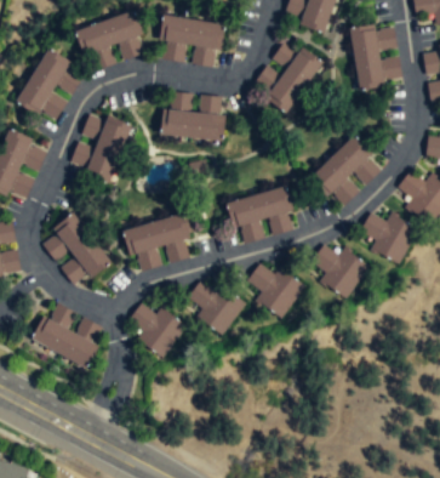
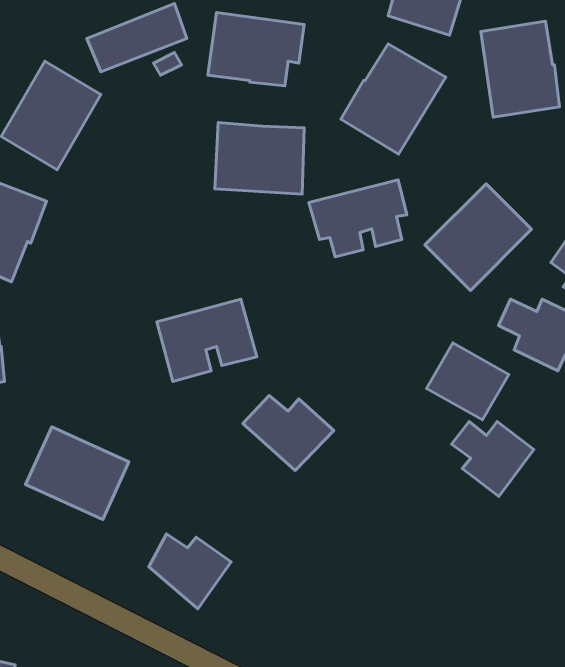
building: [69,112,130,180] -> none
building: [225,187,293,240] -> [309,180,407,257]
building: [45,212,112,281] -> none
building: [248,264,305,317] -> [452,421,534,497]
building: [128,303,185,355] -> [149,534,231,609]

